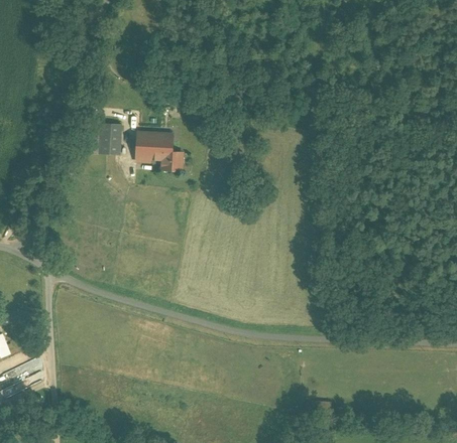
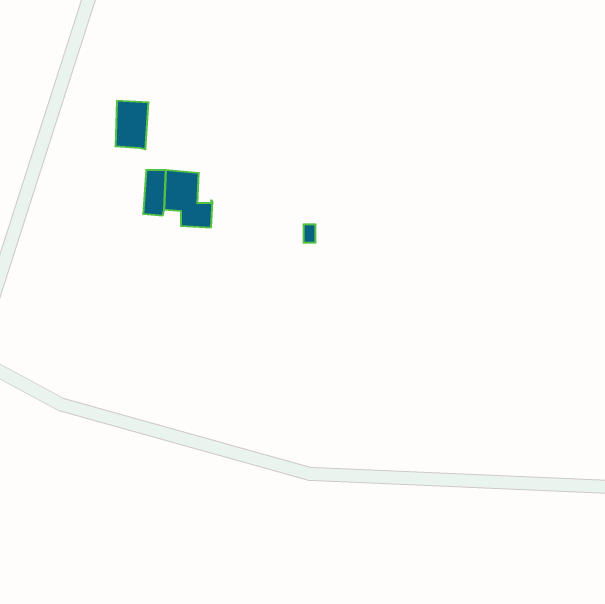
building: [99,123,121,155] -> [115,101,149,149]

